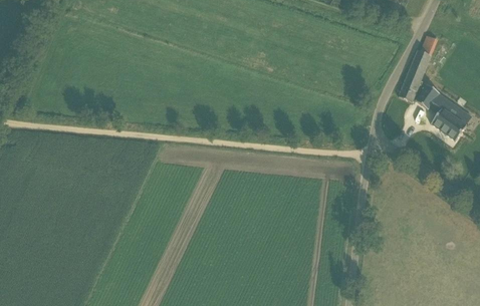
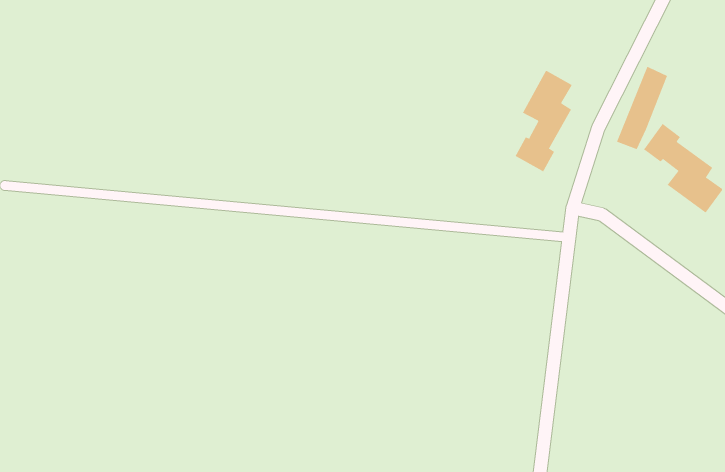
building: none -> [514,69,572,173]

